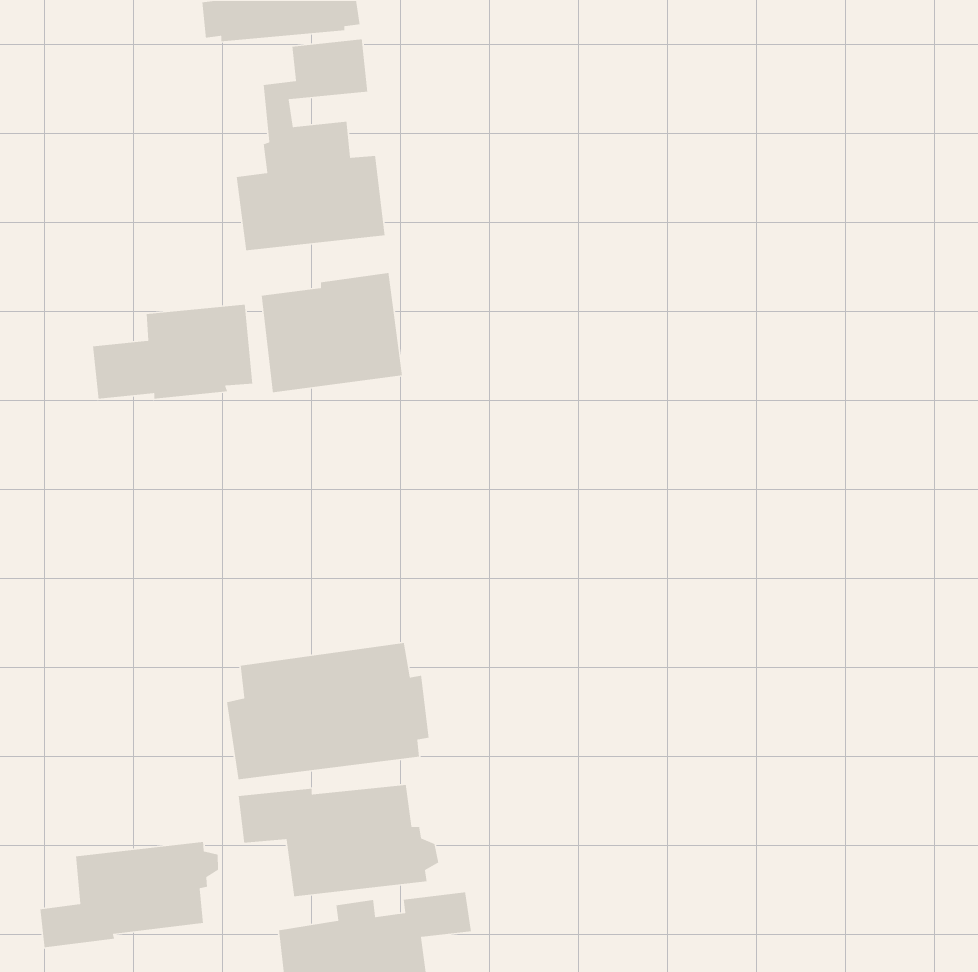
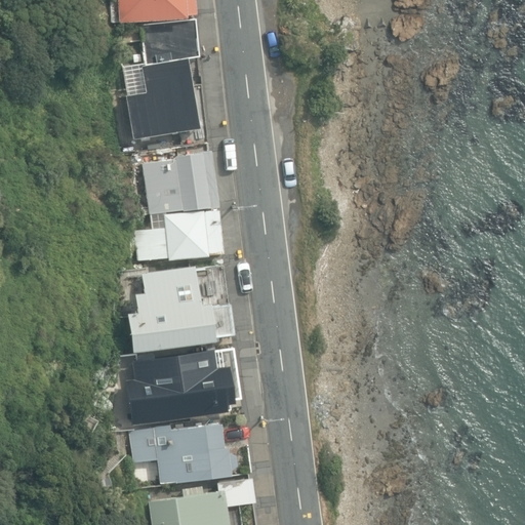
building: [92,304,253,400] -> [133,209,219,260]
building: none -> [123,262,229,351]
building: [39,841,219,948] -> none

